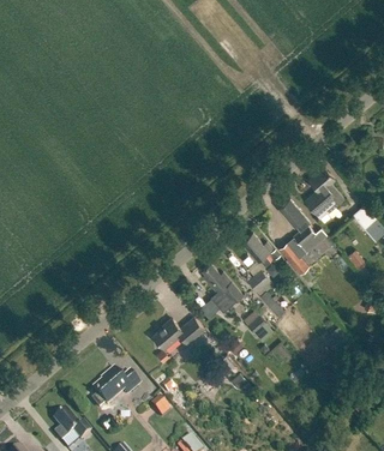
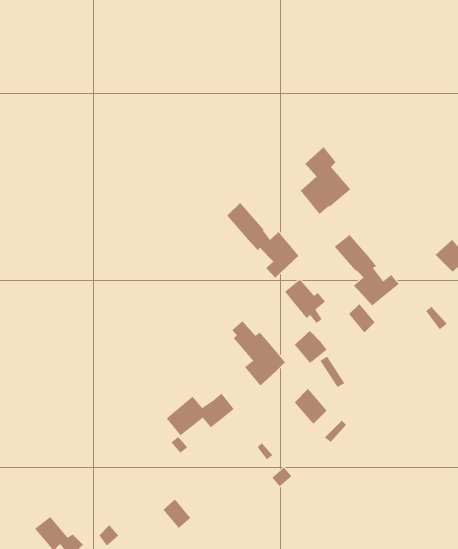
building: [306,168,344,220] -> [300,146,351,215]
building: none -> [227,202,299,279]
building: [92,369,140,409] -> none

